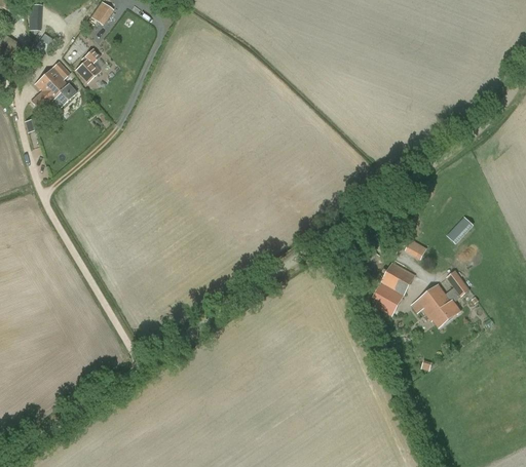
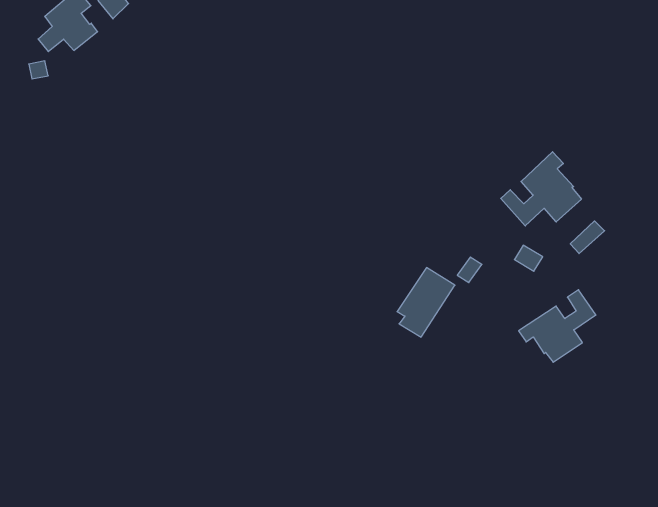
building: none -> [501,152,581,226]
building: [372,262,415,315] -> [397,268,455,337]

